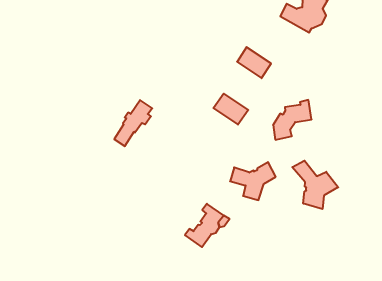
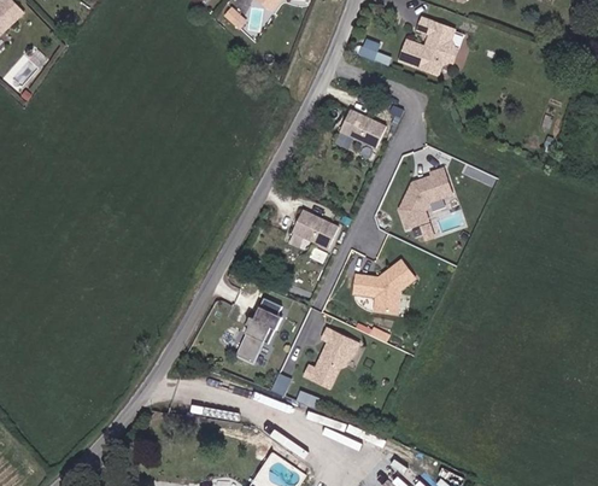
building: [213,94,248,125] -> [292,209,339,247]
building: [114,100,152,146] -> [239,295,283,361]
building: [292,161,338,209] -> none

